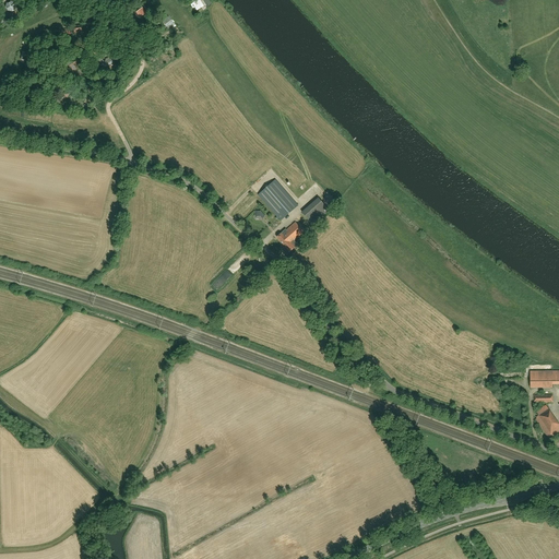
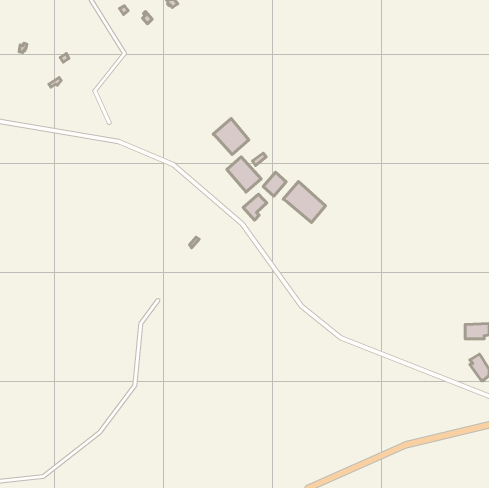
building: none -> [213,118,249,154]
building: none -> [283,181,326,222]

